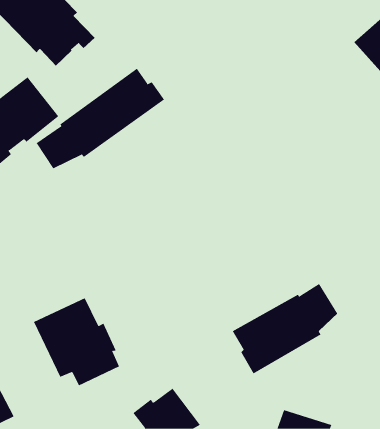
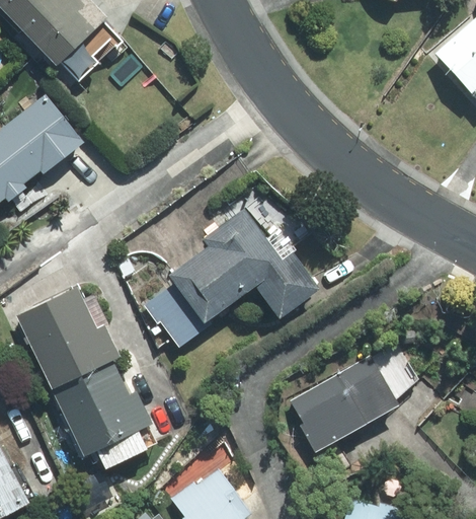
building: [36,68,165,169] -> none
building: none -> [143,209,319,347]
building: none -> [16,285,120,389]

